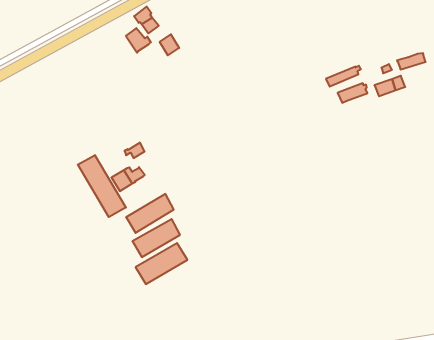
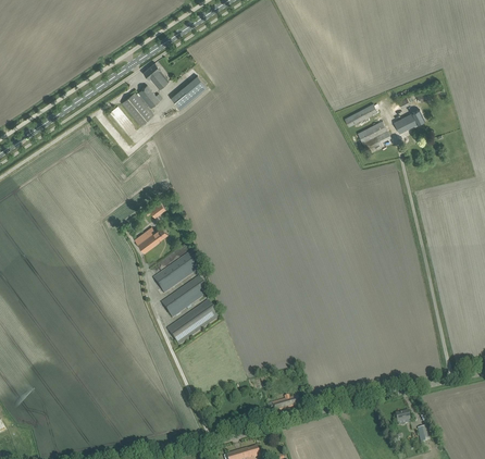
building: none -> [121,91,153,125]
building: [78,155,126,217] -> none

